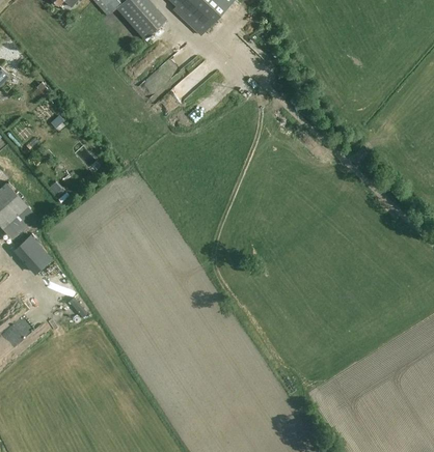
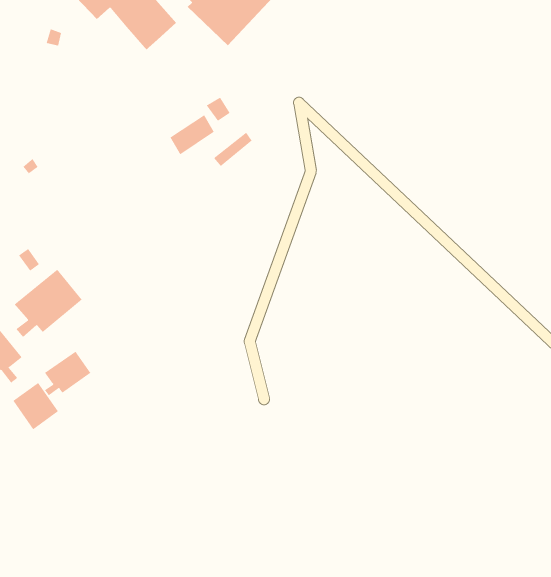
building: none -> [14,269,82,338]
building: none -> [44,351,91,396]

